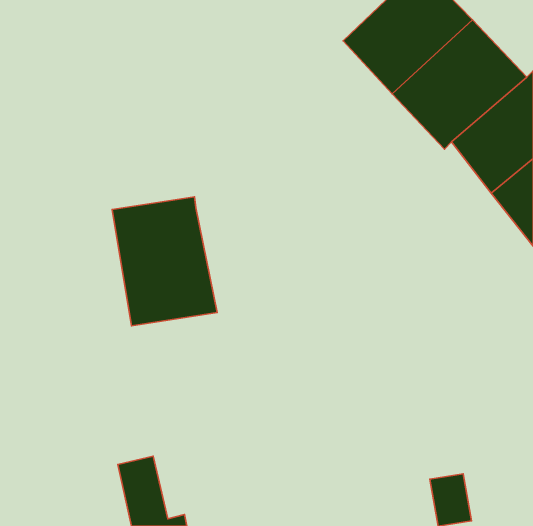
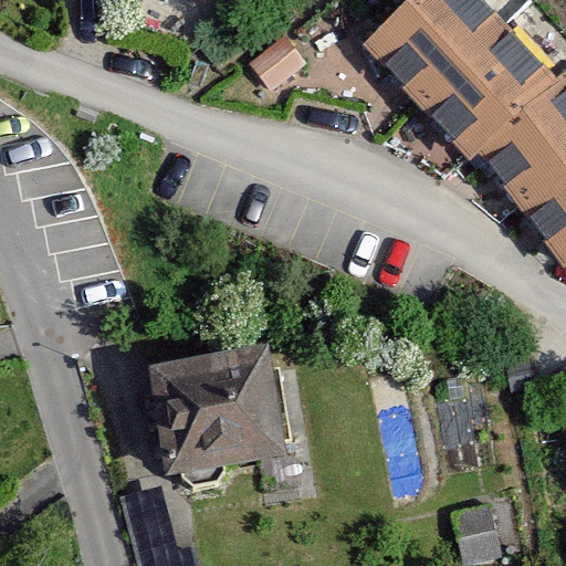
building: [112,197,217,326] -> none
building: none -> [154,349,283,484]

